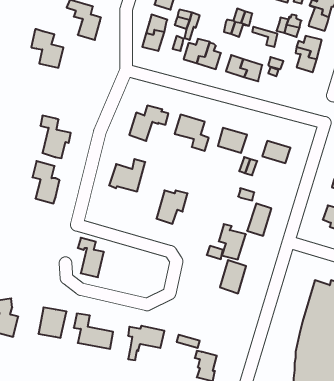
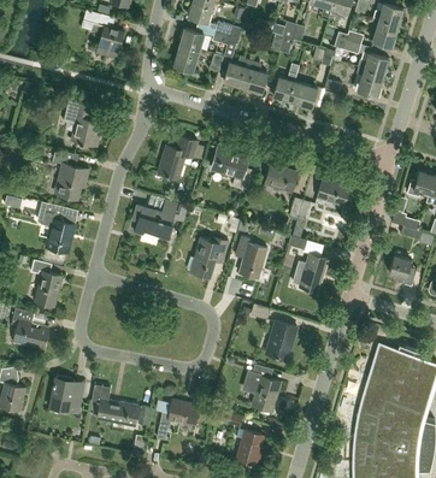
building: [31,29,63,68] -> [64,100,102,146]
building: [219,224,246,259] -> [235,236,267,278]
building: [78,238,104,277] -> [30,259,61,306]
building: none -> [11,307,48,348]
building: none -> [244,364,282,411]

